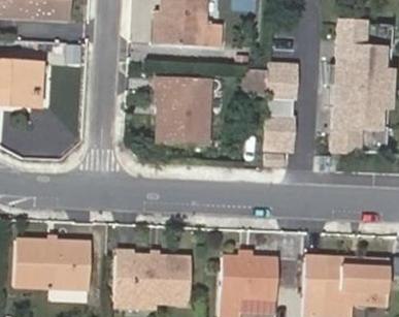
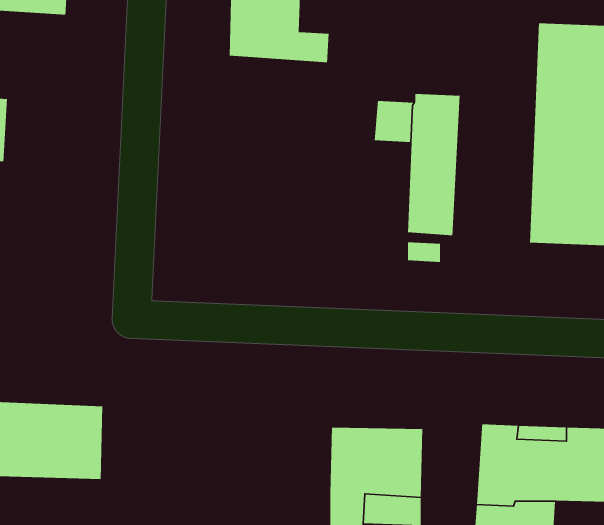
building: [158,71,210,139] -> none
building: [113,256,192,304] -> none

